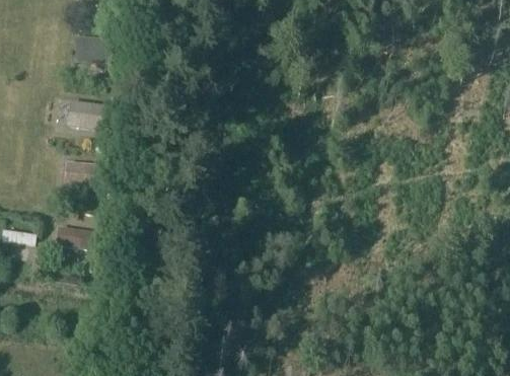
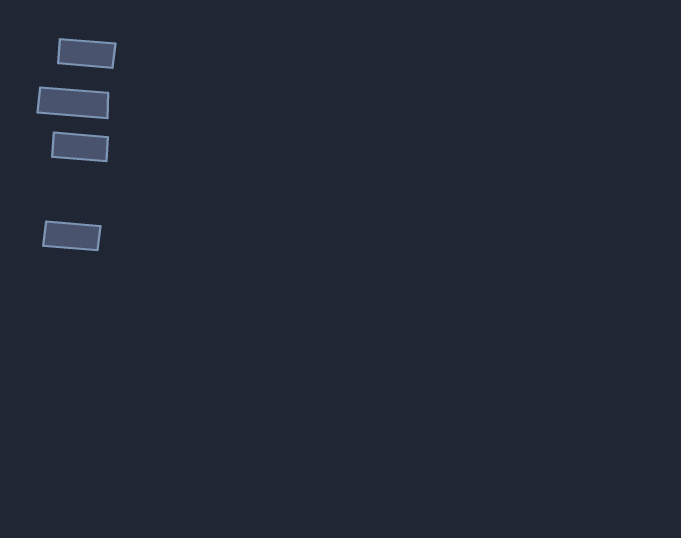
building: none -> [38,88,108,118]
building: [58,226,96,245] -> none

